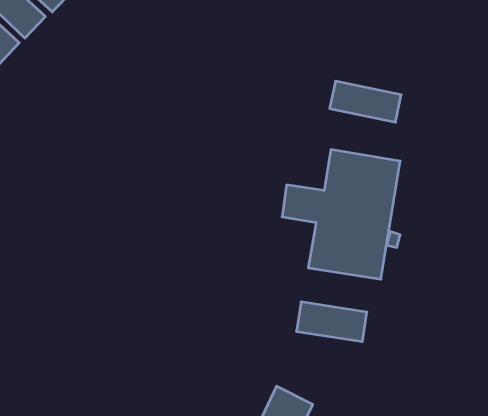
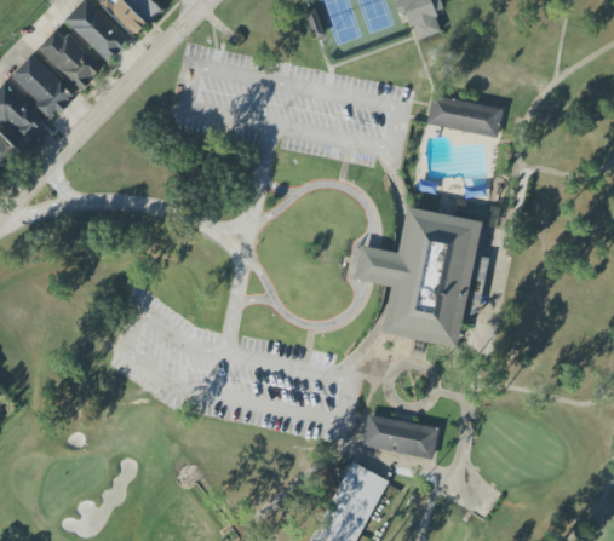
building: [330,81,401,122] -> [427,94,504,138]
building: [296,302,367,342] -> [363,415,438,457]

